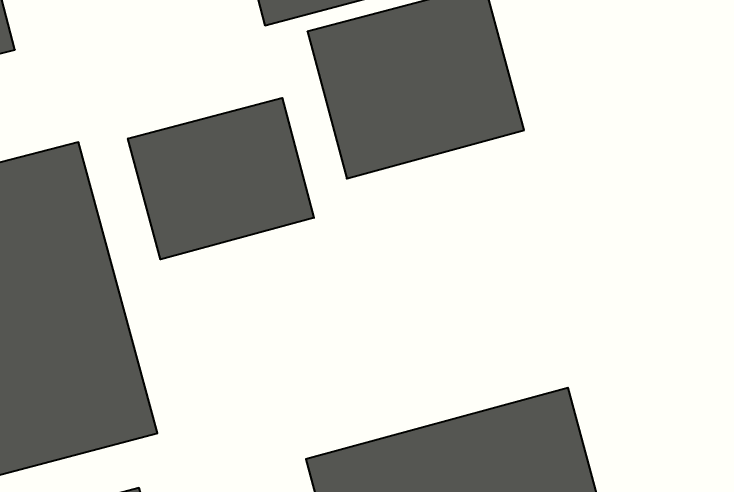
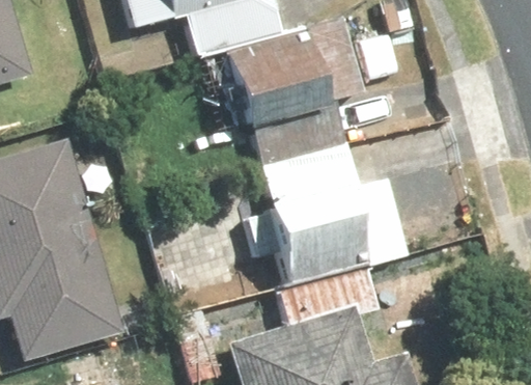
building: [128,98,314,259] -> none
building: none -> [251,170,412,293]

